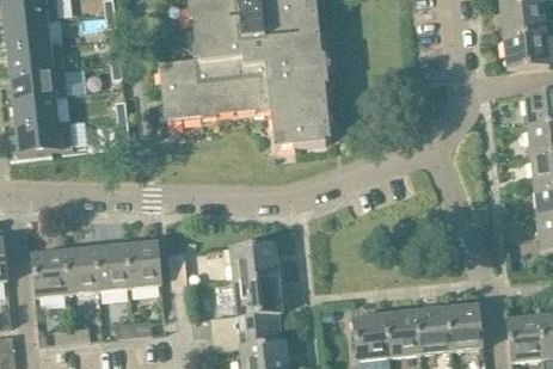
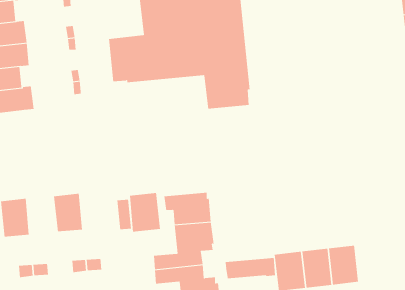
building: [125,241,162,288] -> [129,192,161,232]
building: [63,248,99,294] -> none
building: [447,302,483,349] -> none
building: none -> [225,257,276,279]

